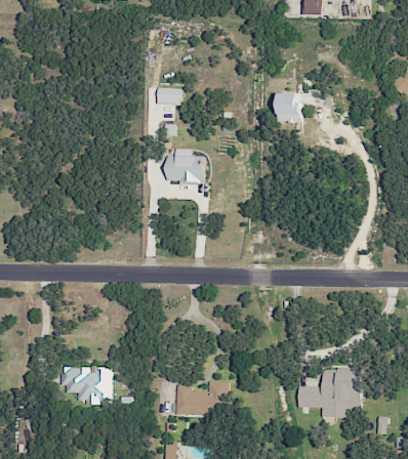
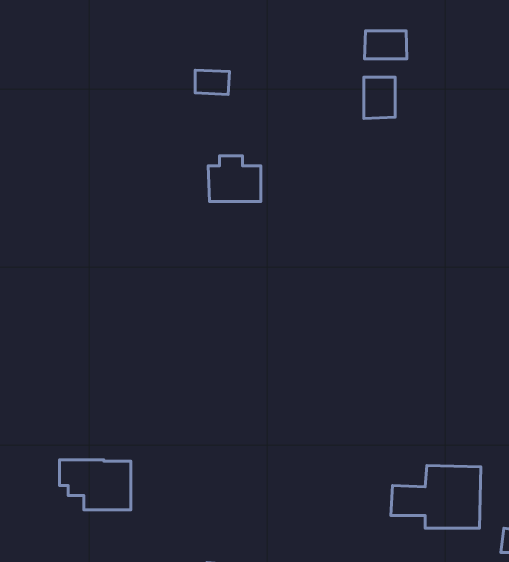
building: none -> [364,31,407,59]
building: [175,381,228,415] -> none

